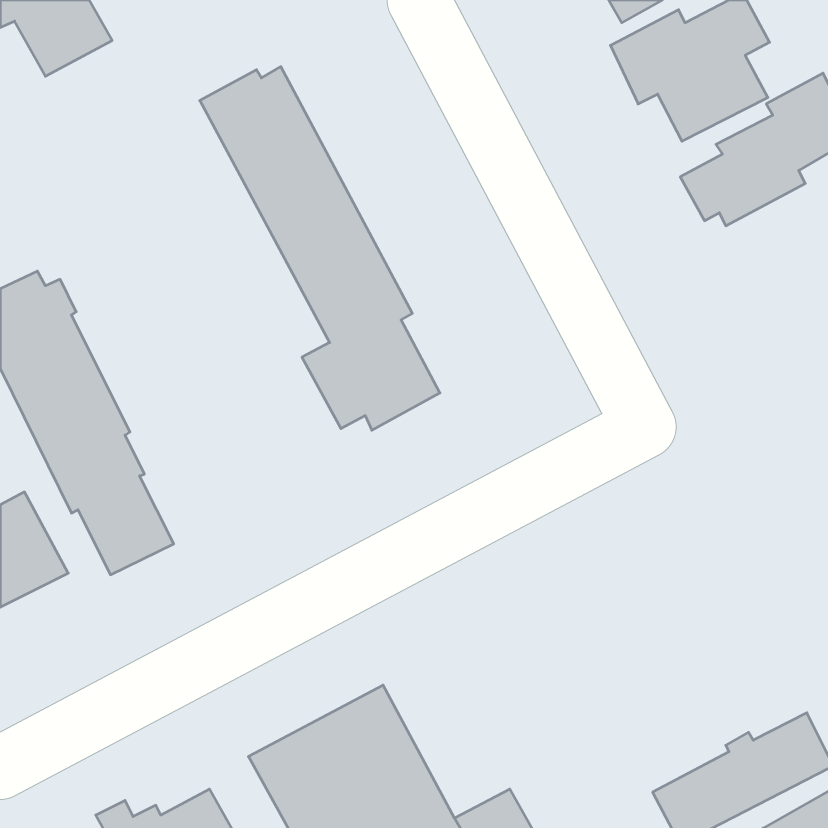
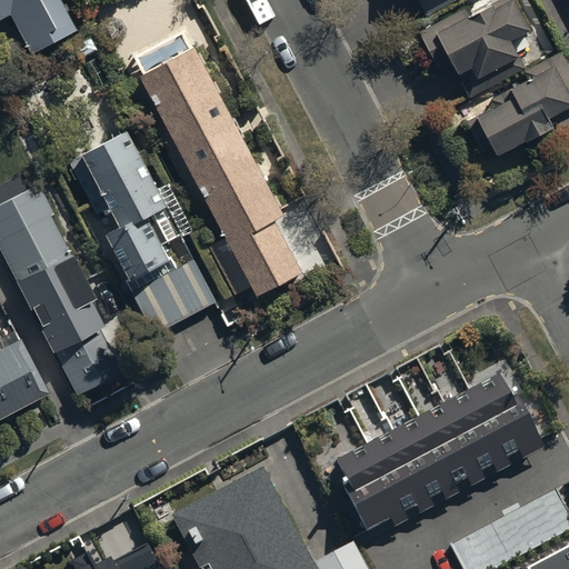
building: none -> [71,131,170,279]
building: none -> [132,258,218,336]
building: none -> [337,381,537,537]

